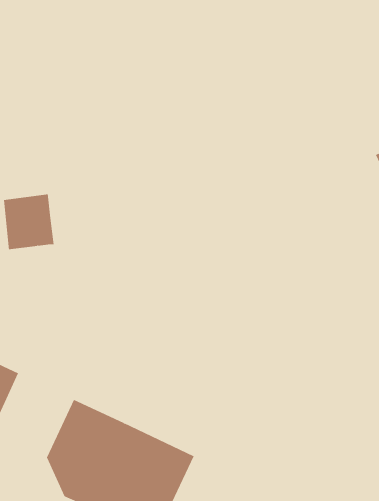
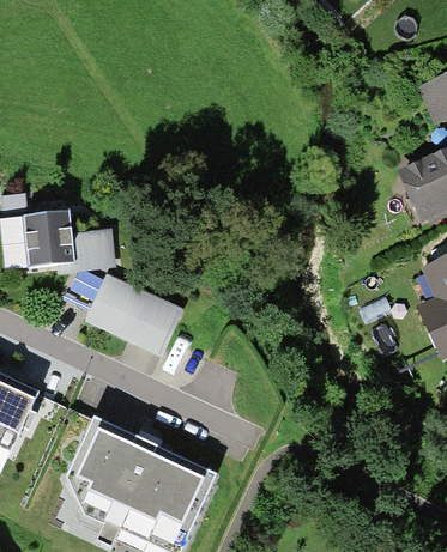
building: none -> [58,229,116,273]
building: none -> [84,273,183,356]

